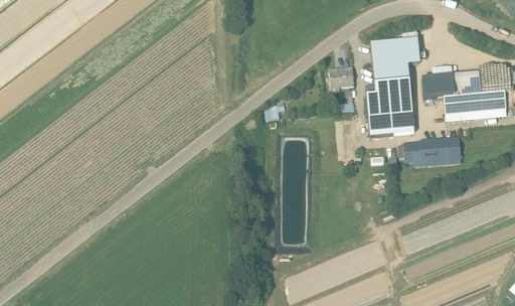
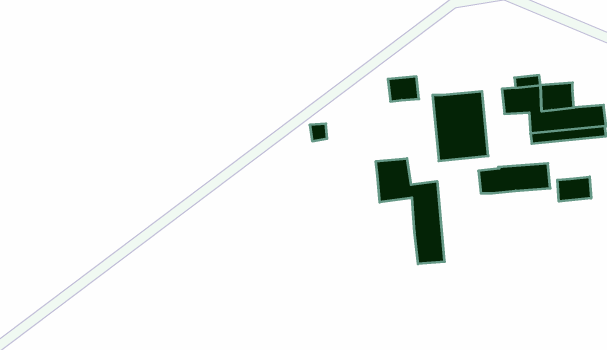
building: [371,37,420,82] -> none
building: none -> [376,158,445,264]
building: none -> [557,177,591,201]

